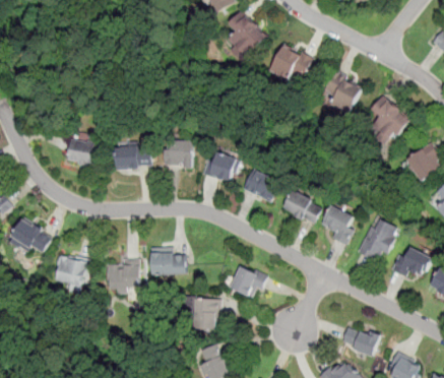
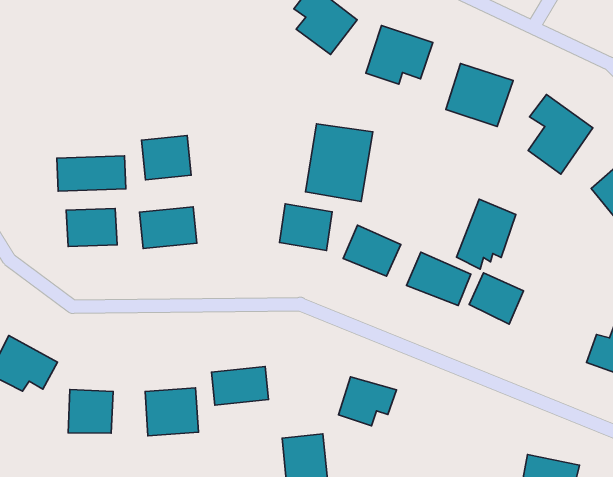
building: none -> [306,124,373,202]
building: none -> [57,156,126,191]
building: [163,140,192,166] -> [141,136,191,180]
building: [358,215,398,260] -> [456,199,516,269]

